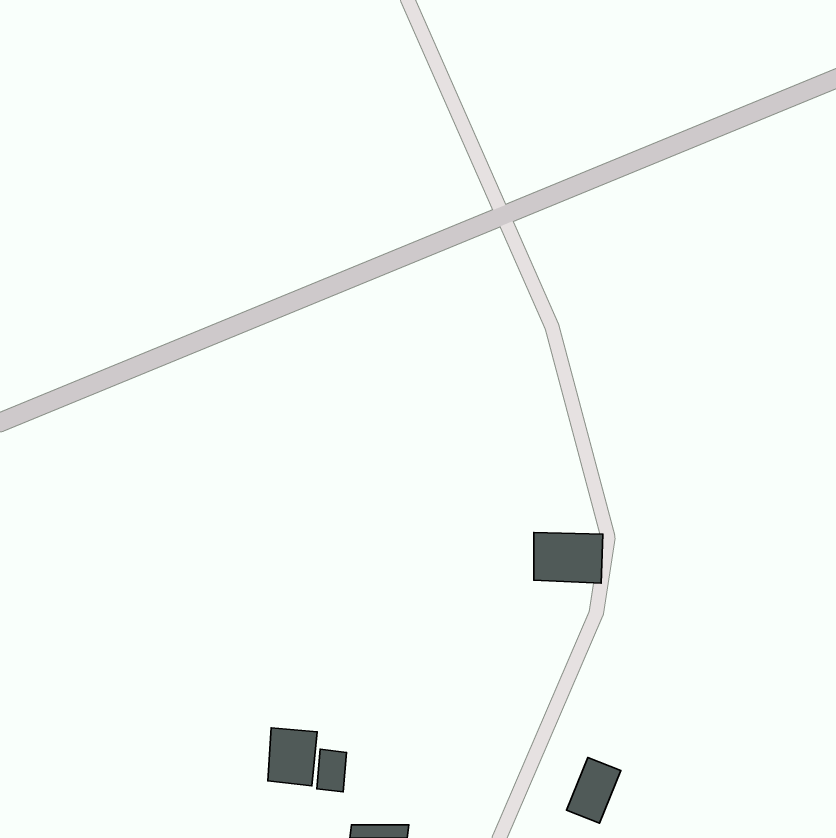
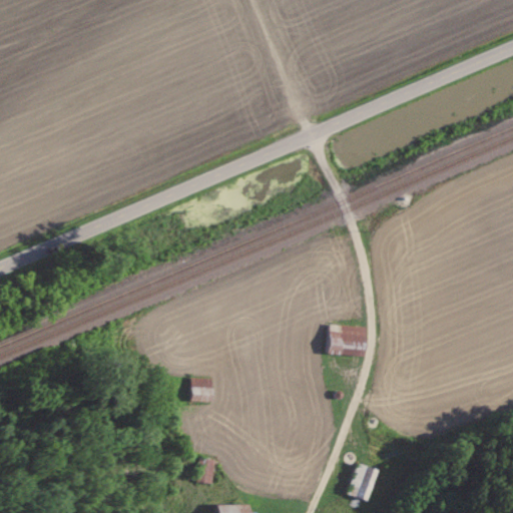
building: none -> [187,378,210,401]
building: [268,728,317,786] -> none

